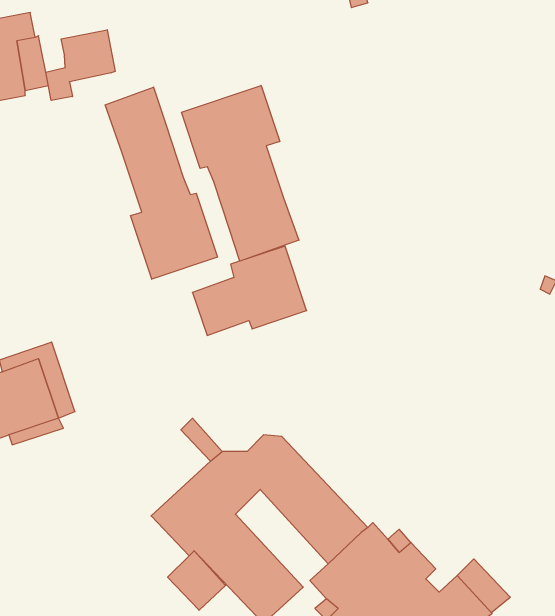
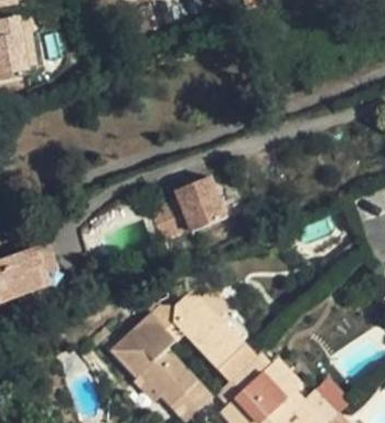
building: [46,30,115,100] -> none
building: [182,85,299,261] -> none
building: [105,87,217,279] -> none

